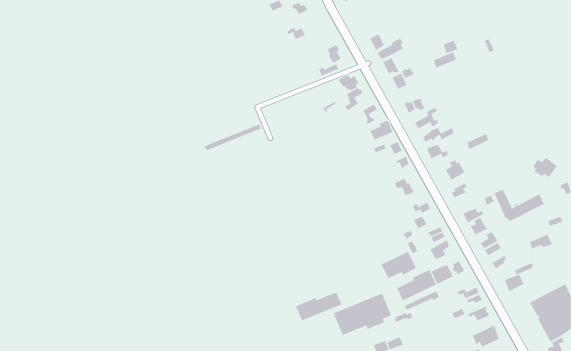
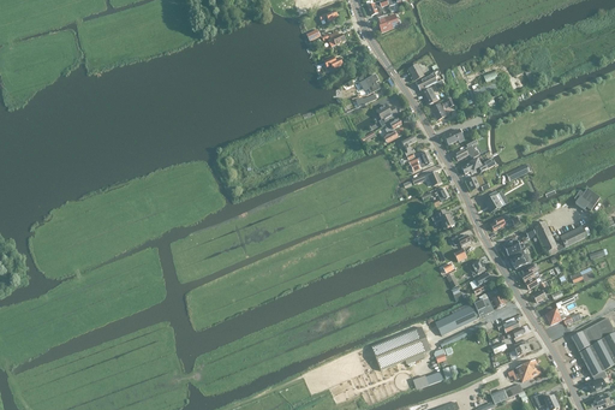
building: [381,251,417,279] -> none
building: [295,292,342,321] -> none

